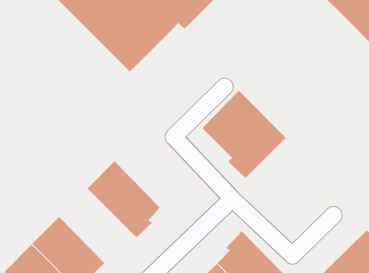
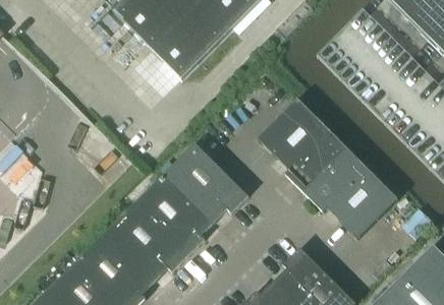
building: none -> [164,142,247,223]
building: none -> [303,148,397,239]
building: none -> [105,202,187,282]

